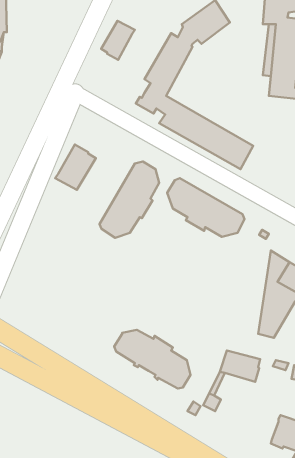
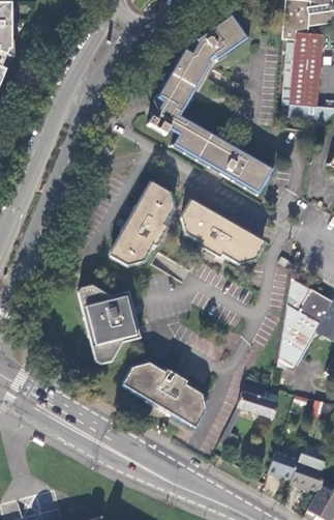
building: [101,21,135,60] -> none
building: [55,144,96,190] -> none
building: none -> [78,284,140,363]
building: none -> [268,447,299,478]

